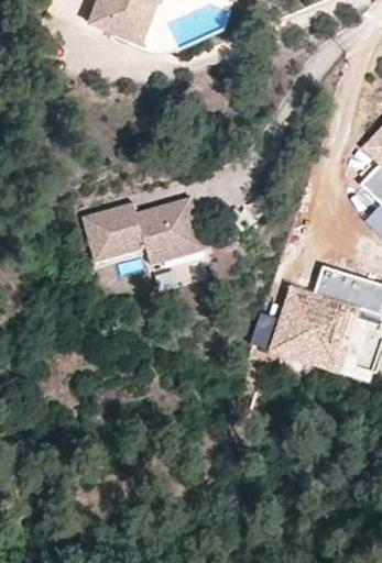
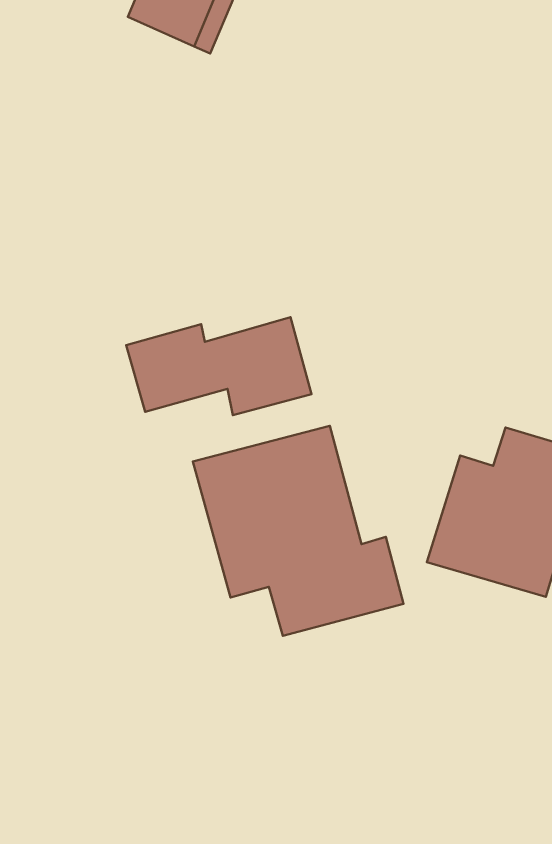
building: none -> [193,426,404,636]

